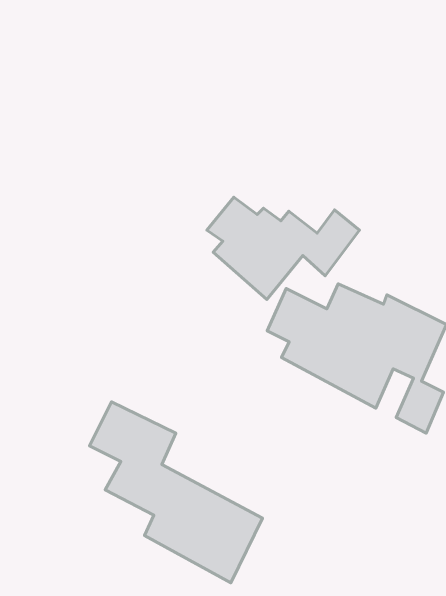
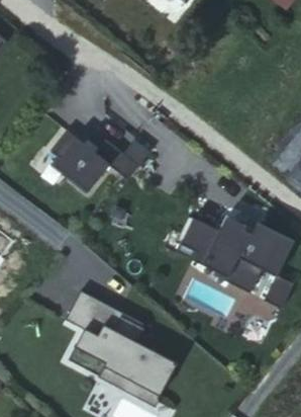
building: [207,197,360,299] -> [49,130,147,195]

